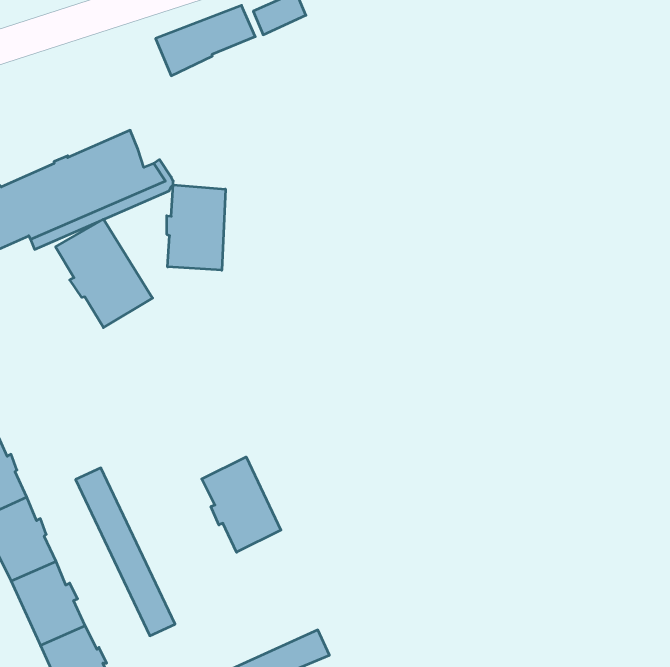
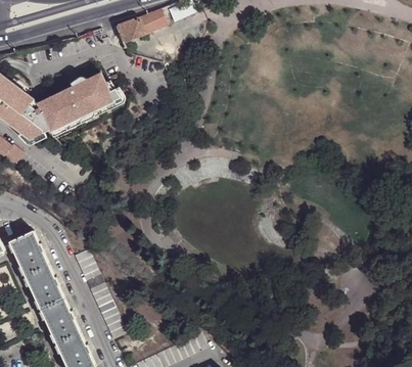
building: [167,185,225,270] -> none
building: [56,219,153,328] -> none
building: [202,457,281,552] -> none

